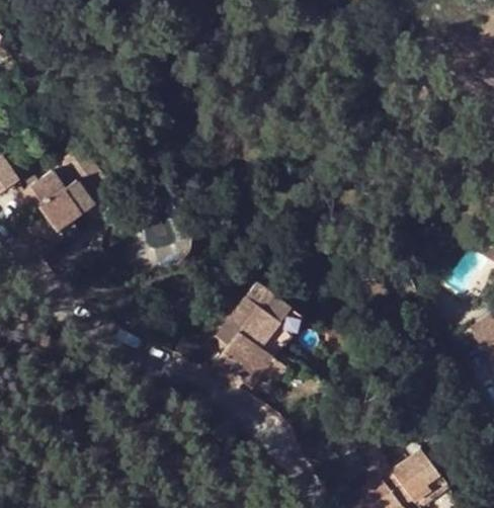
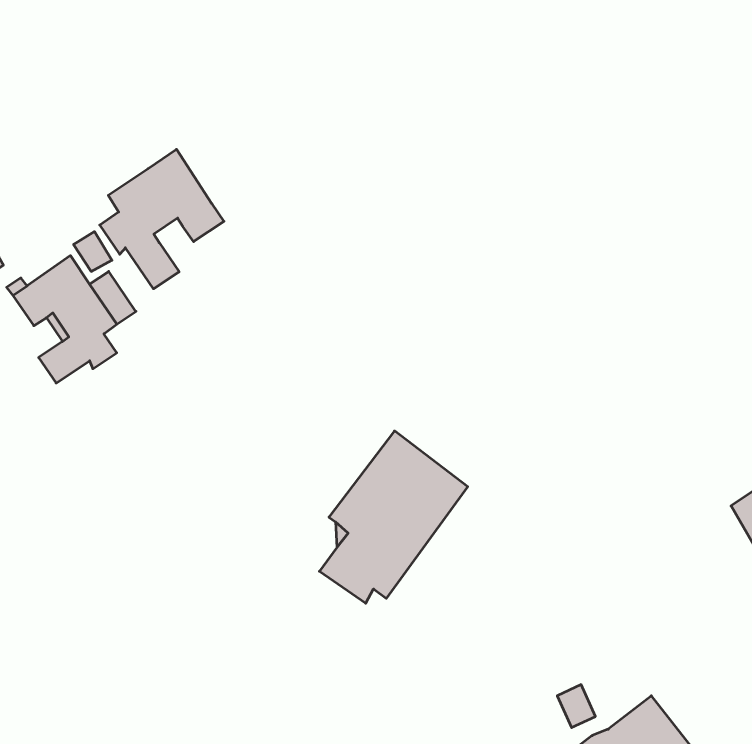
building: none -> [100,149,224,289]

